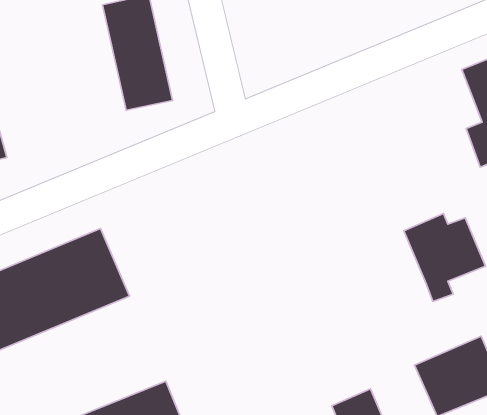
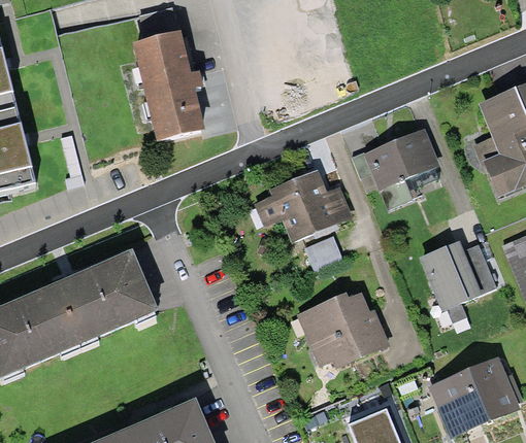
building: none -> [361,128,437,212]
building: none -> [253,169,352,241]
building: none -> [300,235,341,272]
building: none -> [293,289,388,372]

